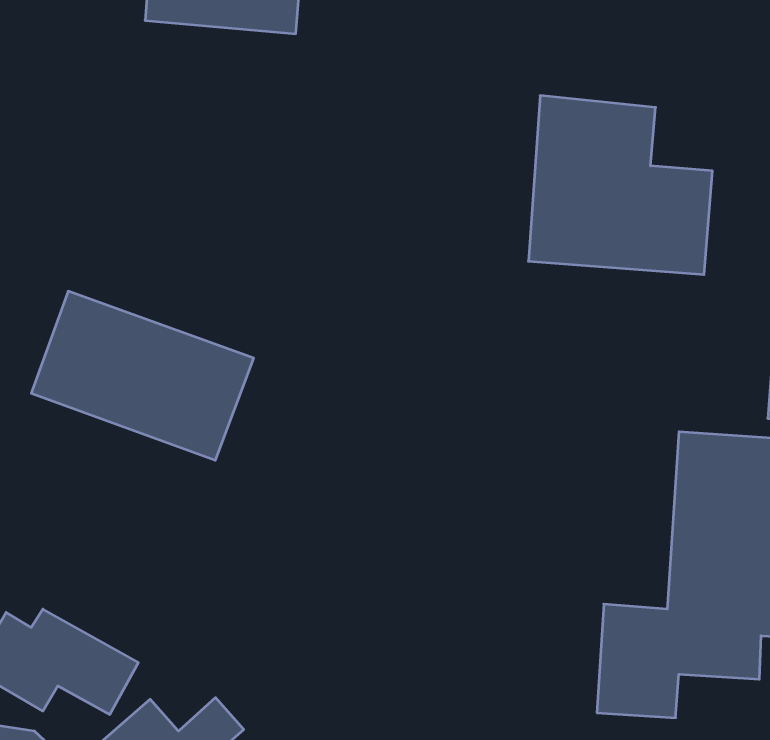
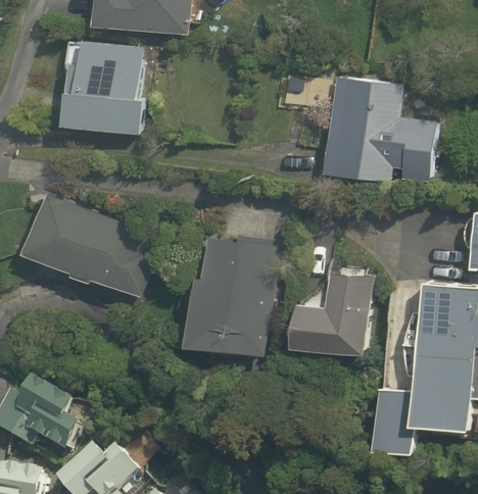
building: none -> [61,38,148,133]
building: none -> [188,232,279,353]
building: none -> [298,269,369,355]

